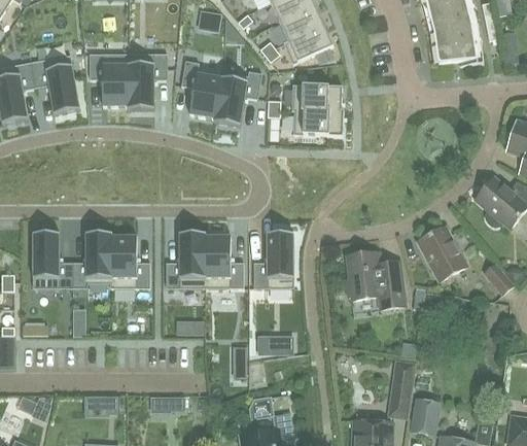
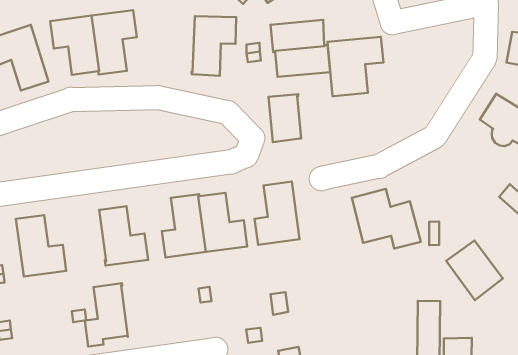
building: [180,61,223,118] -> none
building: none -> [327,37,383,96]
building: none -> [268,94,301,142]
building: [416,226,466,281] -> [446,240,503,300]
building: [72,233,111,287] -> [85,283,128,347]

